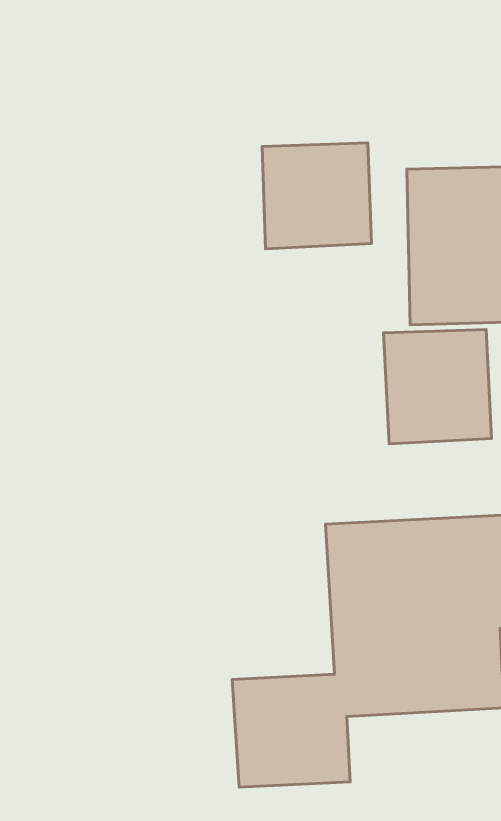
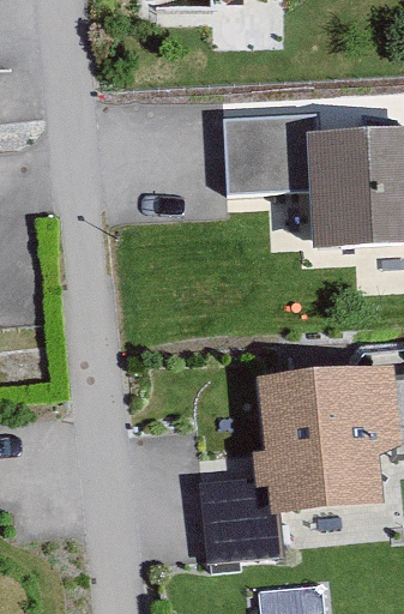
building: [384,329,492,444] -> none

